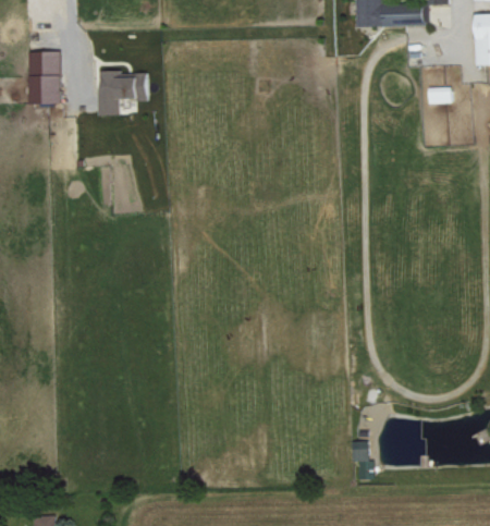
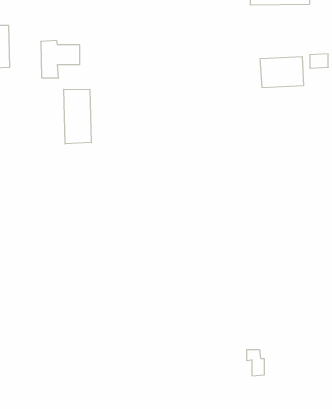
building: none -> [260,57,303,88]
building: none -> [64,89,91,144]

